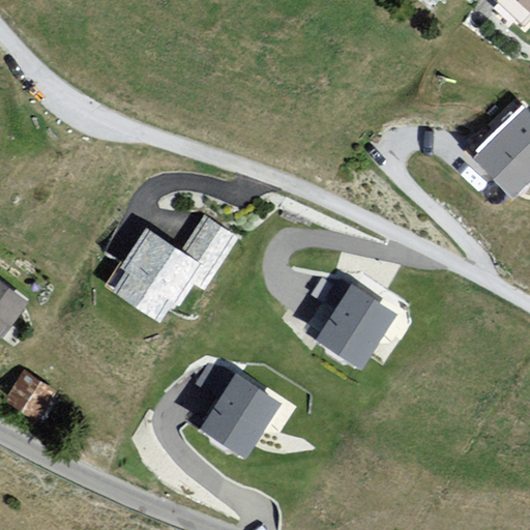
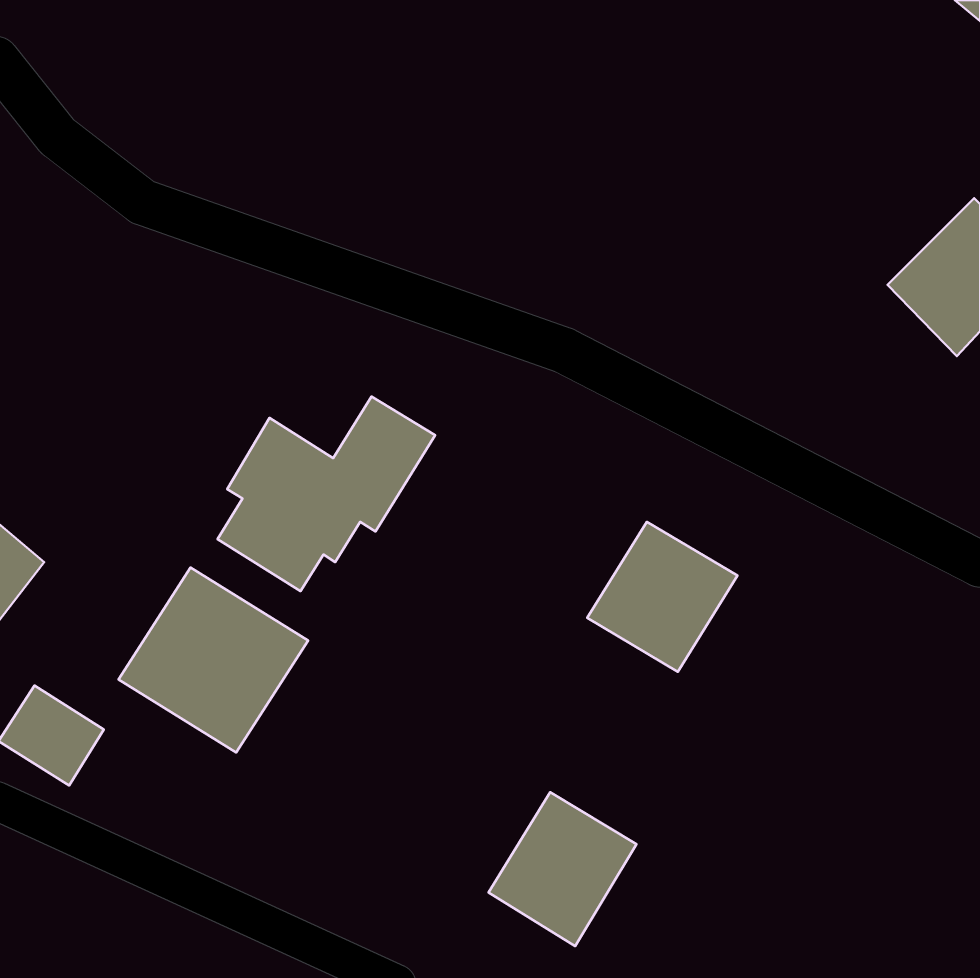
building: none -> [118,568,308,752]
building: [202,374,282,457] -> [488,792,637,946]

